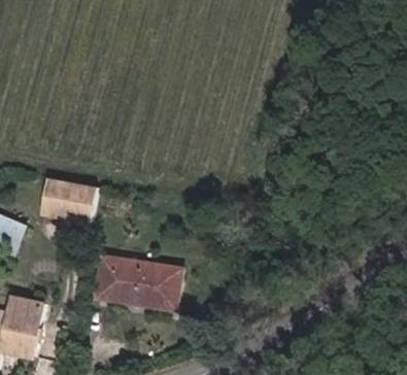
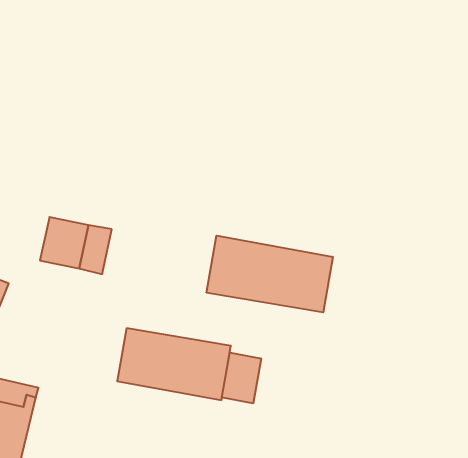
building: none -> [207,236,333,312]
building: none -> [222,352,261,403]

